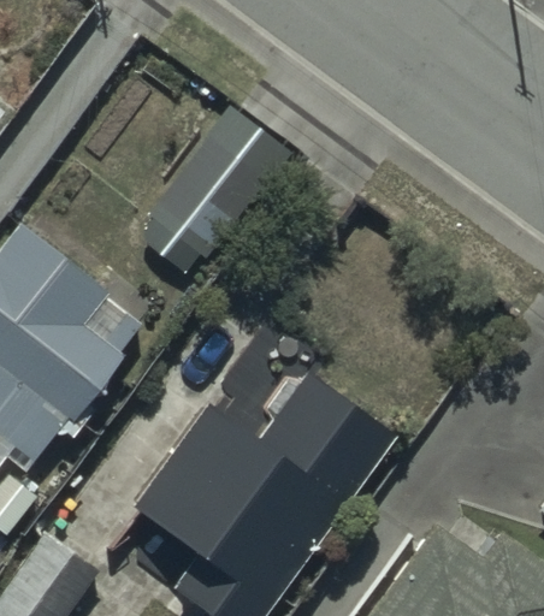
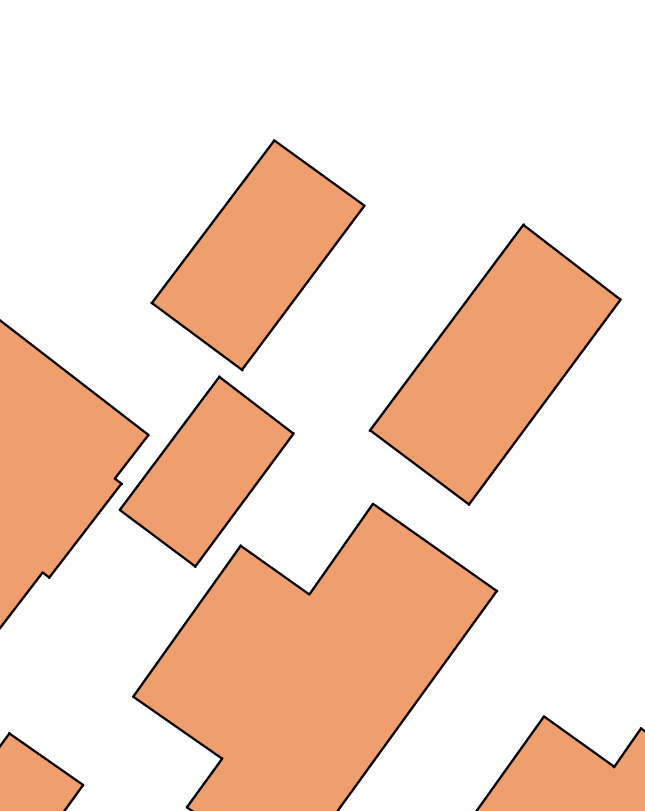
building: none -> [370,225,620,505]
building: none -> [120,377,293,567]

